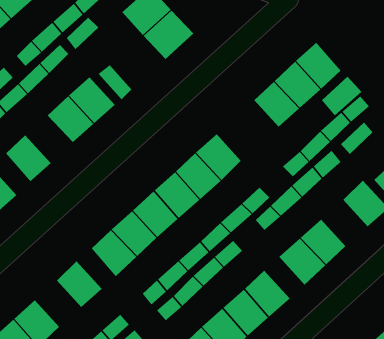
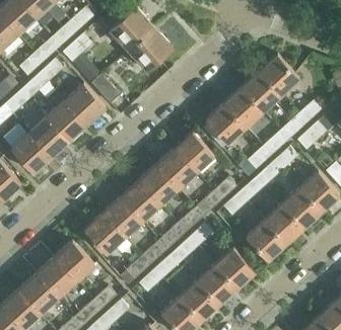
building: [321,76,362,116] -> none
building: none -> [205,103,245,144]
building: none -> [28,116,69,157]
building: none -> [281,188,321,228]
building: none -> [37,257,76,297]

